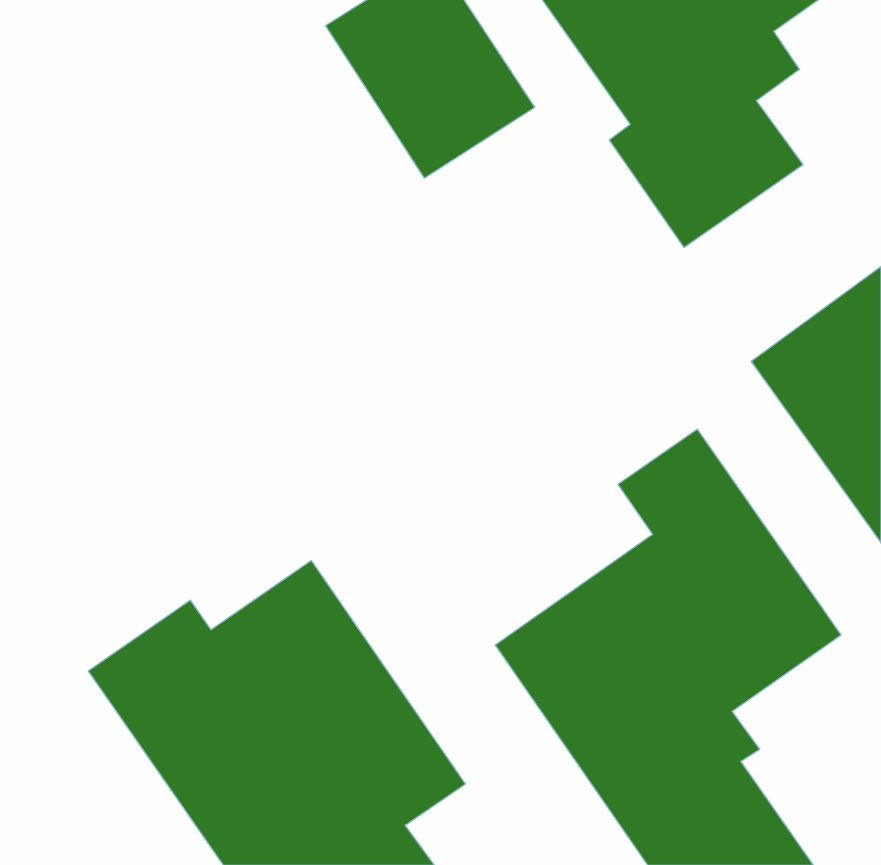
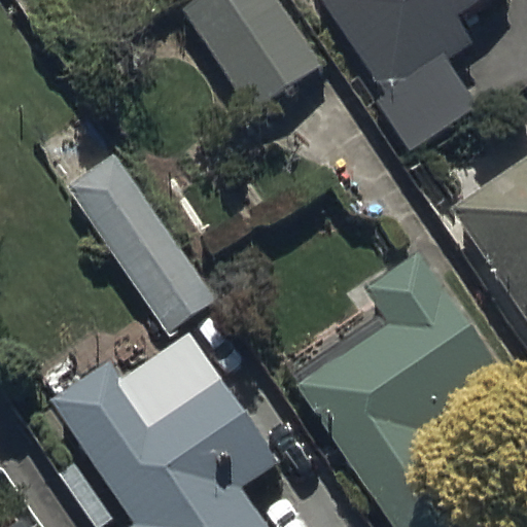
building: none -> [65,149,214,331]

